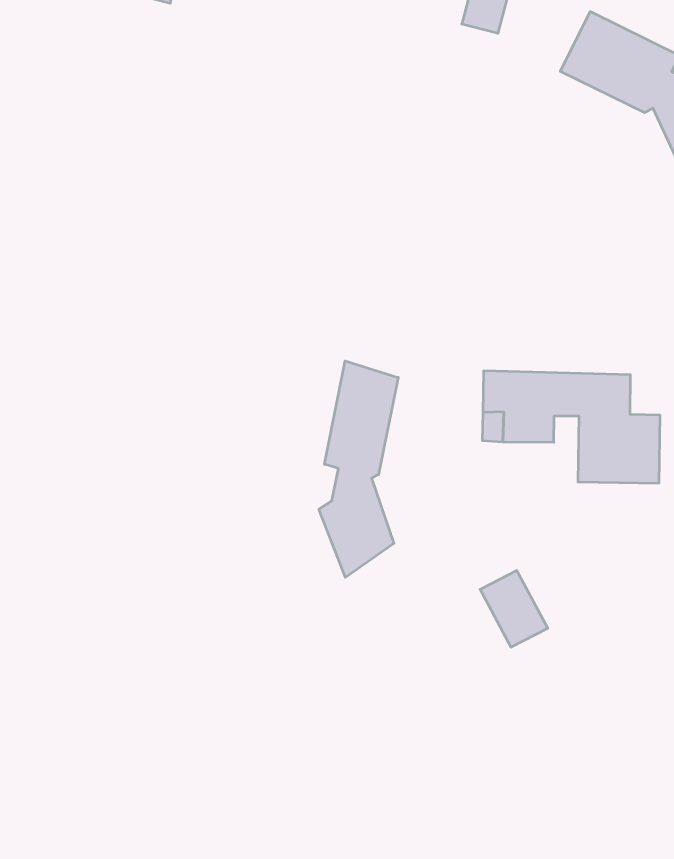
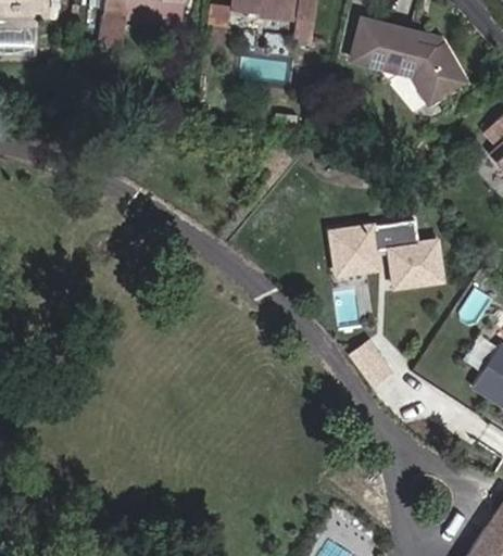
building: [319,361,398,577] -> none

